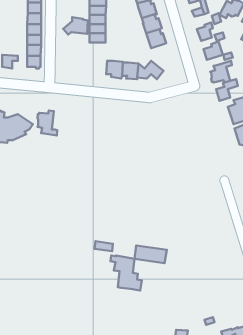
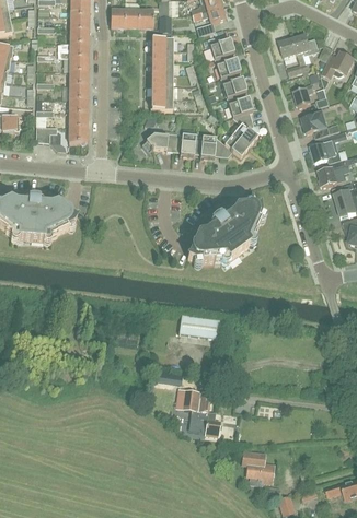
building: [63,17,88,35] -> [141,128,174,151]
building: none -> [232,110,257,145]
building: [37,110,57,135] -> none
building: none -> [186,205,260,262]
building: [134,246,167,263] -> [178,314,221,337]
building: none -> [246,450,274,482]

